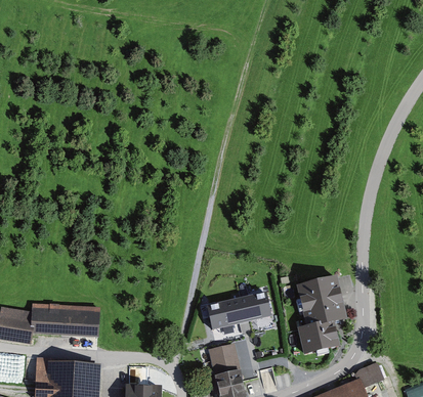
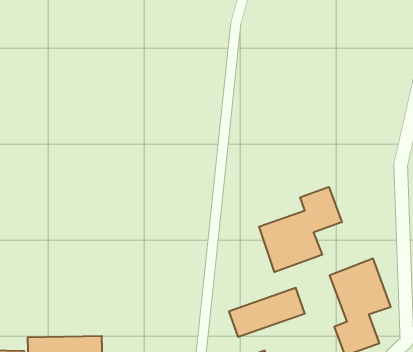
building: none -> [259,187,342,272]

